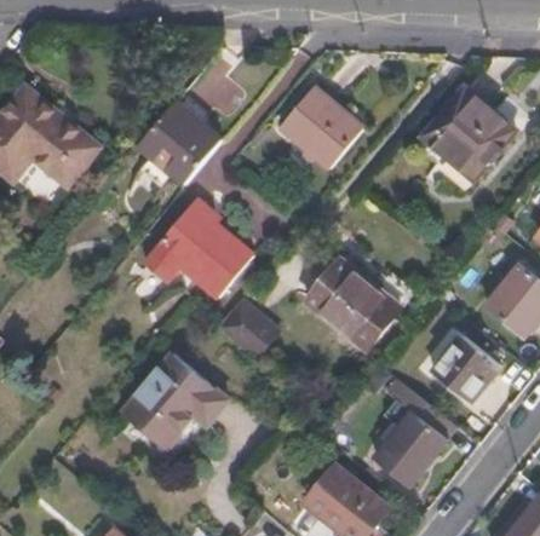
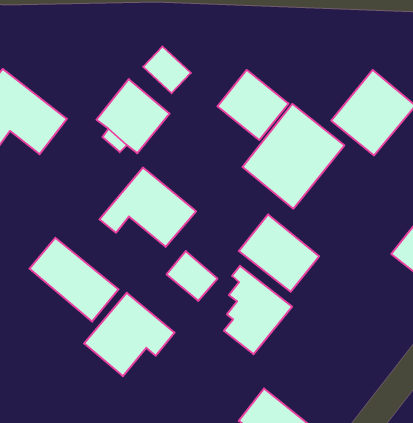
building: none -> [242,104,344,209]
building: none -> [29,238,119,322]
building: [432,335,501,404] -> none
building: [375,380,456,485] -> [224,266,292,354]

